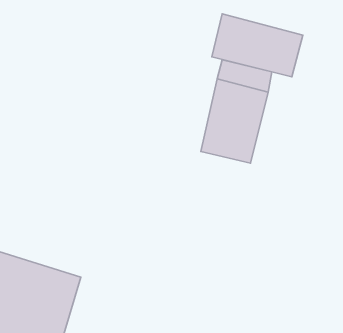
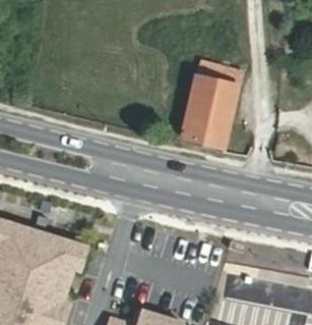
building: [212,14,303,77] -> none

